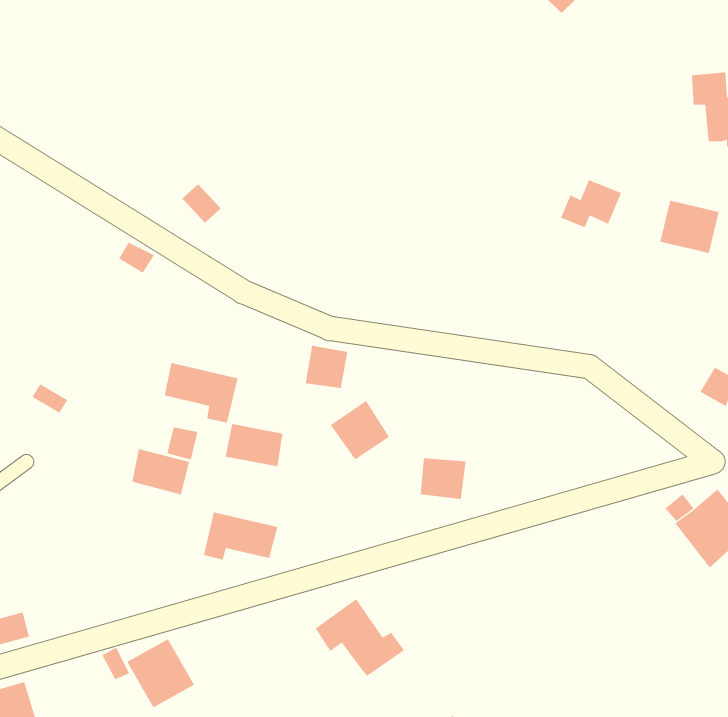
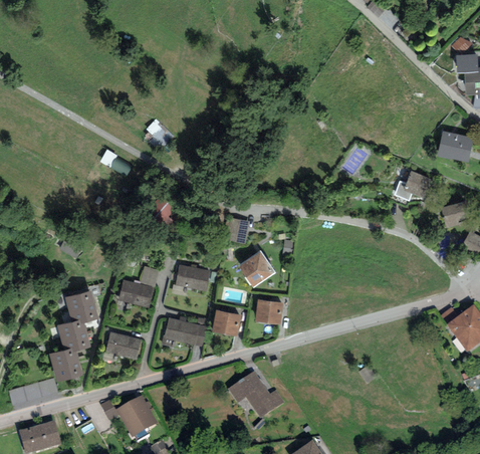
building: [560,179,622,228] -> [394,171,431,200]
building: none -> [442,201,470,228]
building: [164,362,238,423] -> none
building: [420,458,466,499] -> [255,299,283,324]
building: none -> [49,289,98,383]
building: none -> [212,309,241,336]
building: none -> [104,331,141,360]

